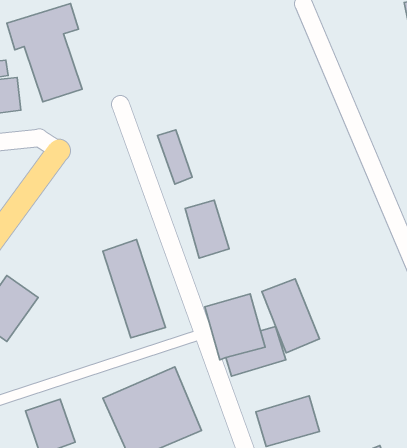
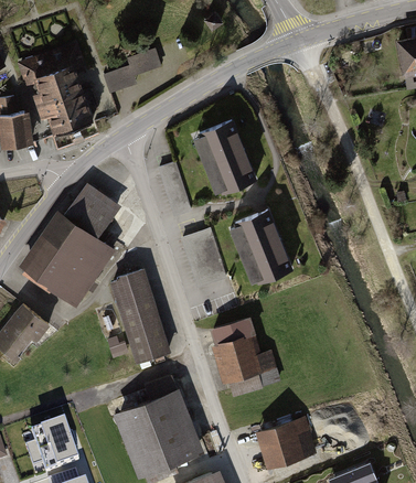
building: none -> [107,49,166,93]
building: none -> [202,121,257,194]
building: none -> [19,182,117,305]
building: [262,279,320,353] -> [237,212,292,282]

